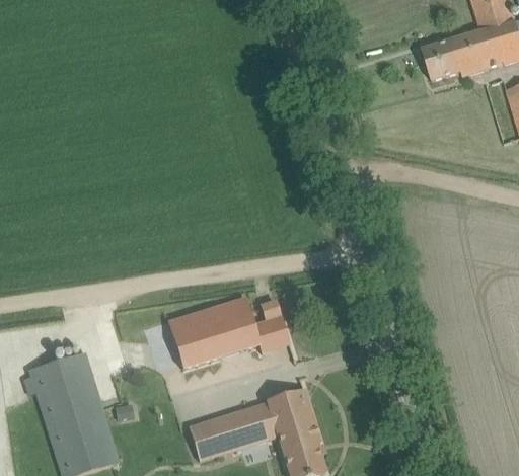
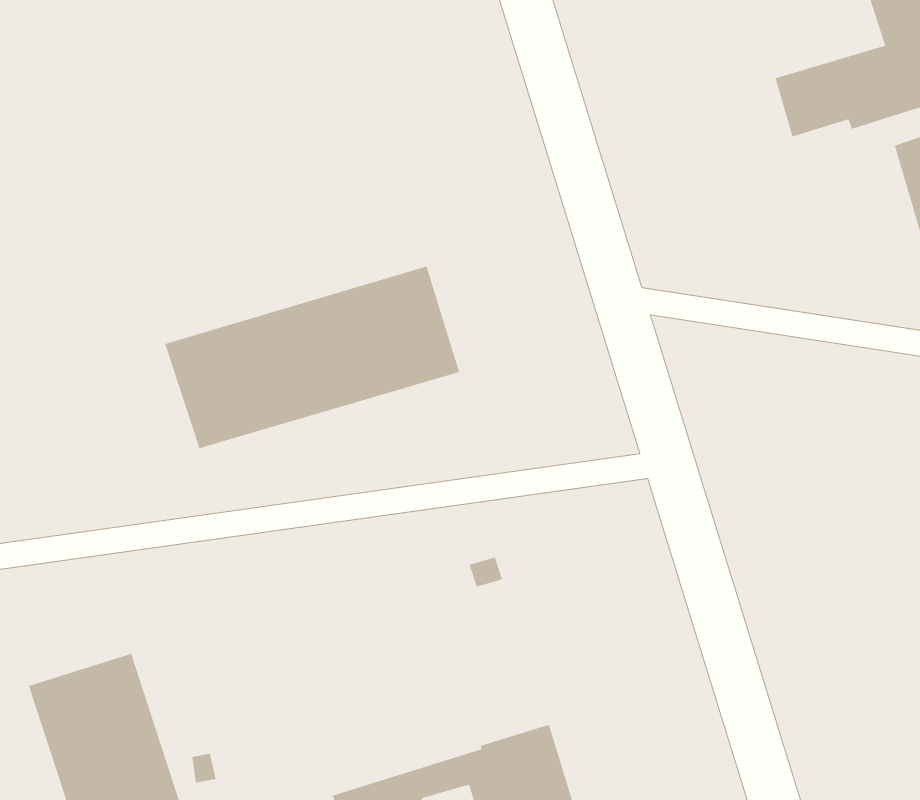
building: none -> [164,266,460,449]
building: [168,298,289,369] -> none

